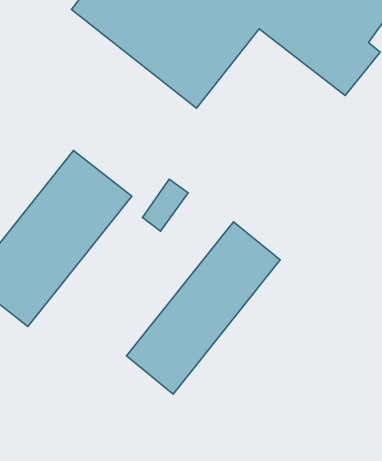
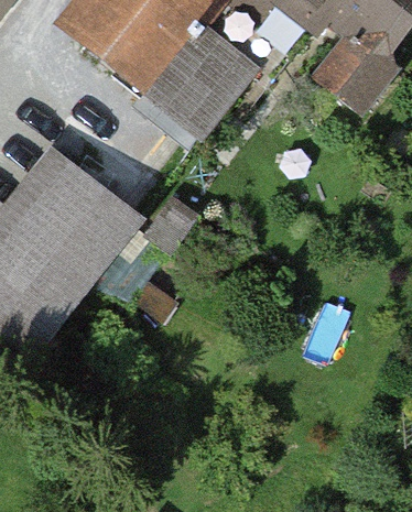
building: [126,222,280,394] -> none

